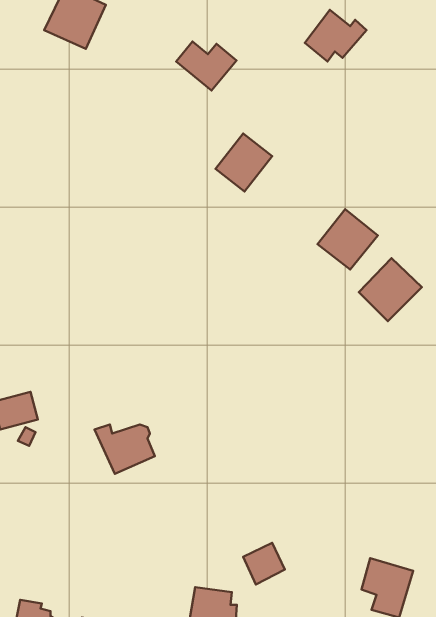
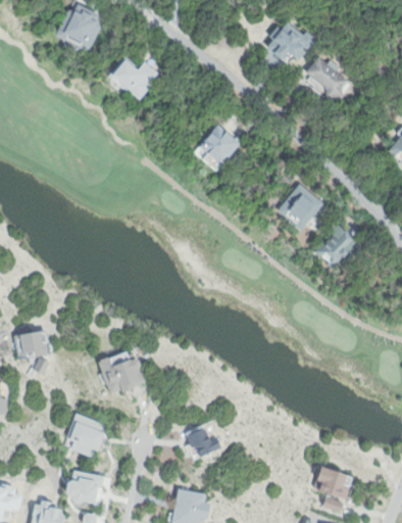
building: [176,41,237,91] -> [112,61,161,101]
building: none -> [303,56,350,102]
building: none -> [64,414,111,460]
building: [243,543,285,584] -> [188,425,221,459]
building: none -> [64,471,104,505]

